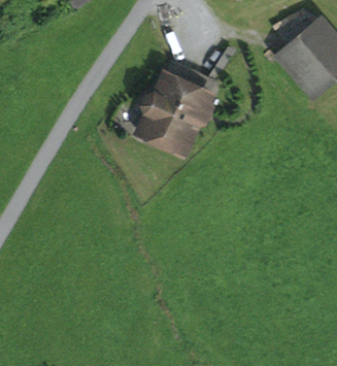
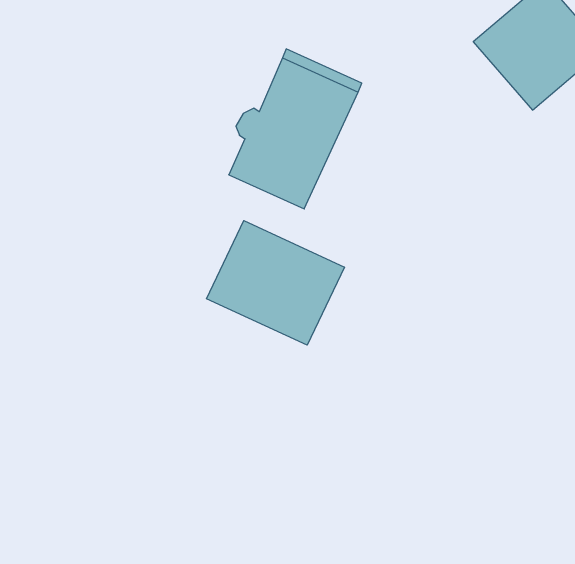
building: none -> [207,221,344,345]

